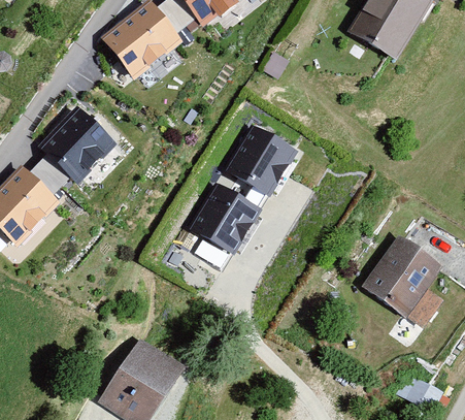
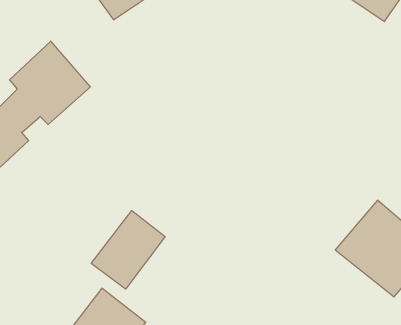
building: [190,124,297,255] -> none
building: none -> [91,211,165,289]

